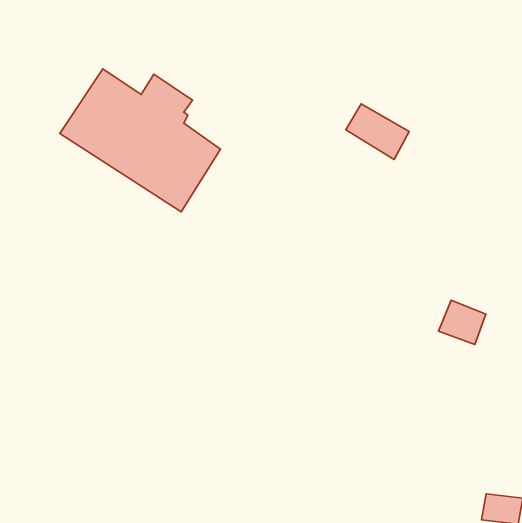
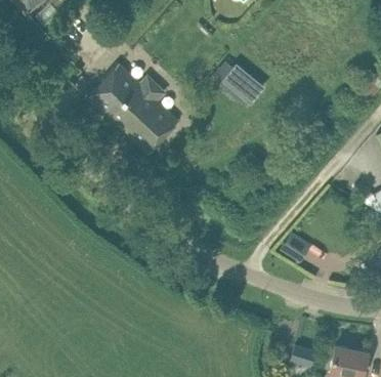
building: [346,104,409,159] -> [223,66,259,100]

